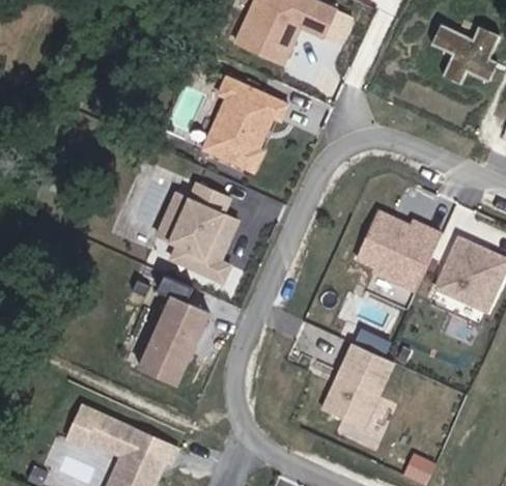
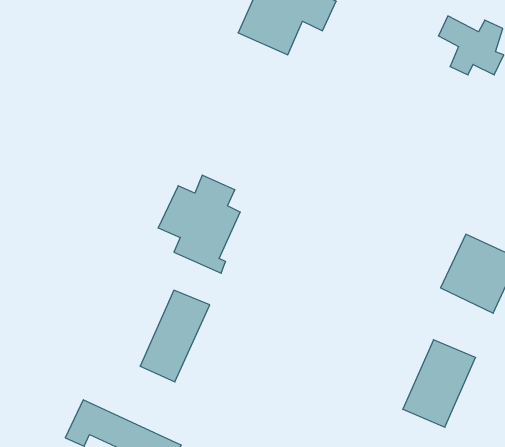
building: [203,79,290,171] -> none
building: [354,208,441,303] -> none
building: [322,344,394,430] -> [403,340,476,427]

